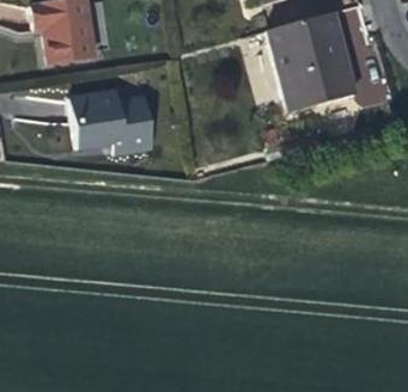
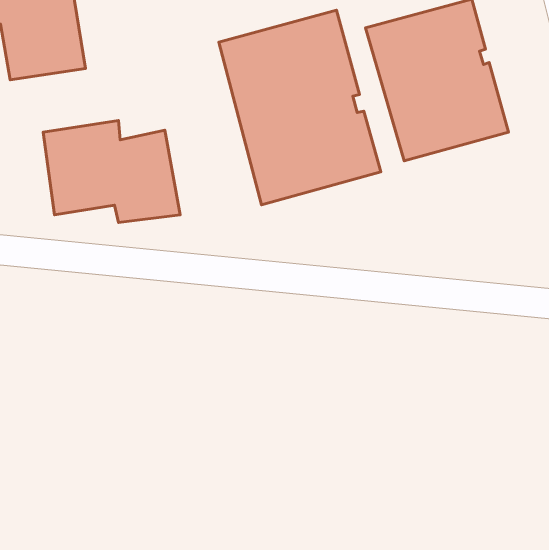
building: none -> [219,10,381,205]

